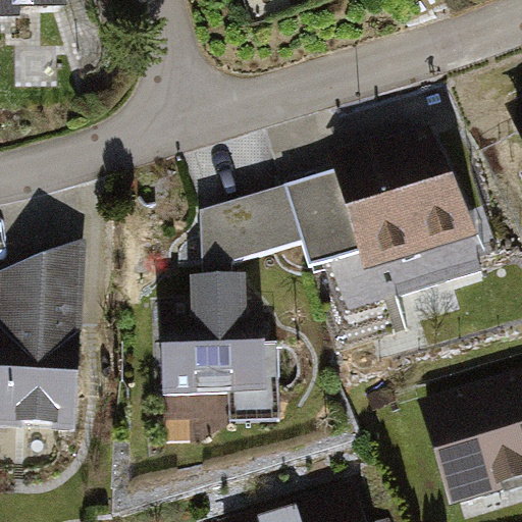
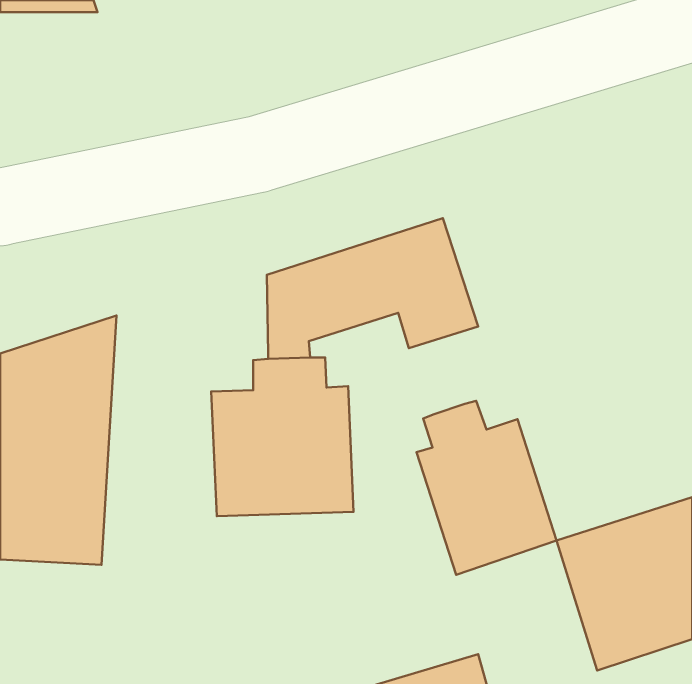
building: [328,126,473,274] -> none
building: none -> [416,401,557,575]

